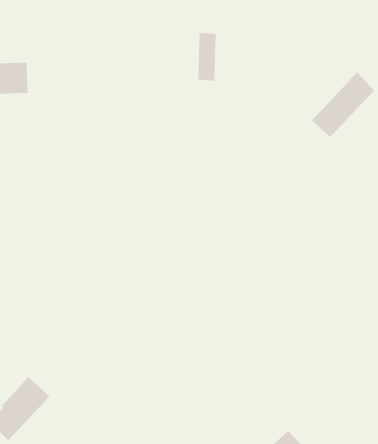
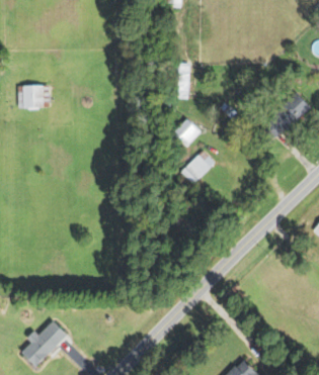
building: none -> [172,118,201,147]
building: none -> [180,151,216,185]

